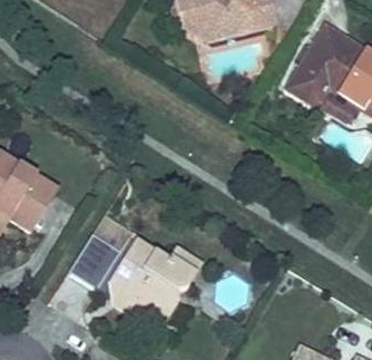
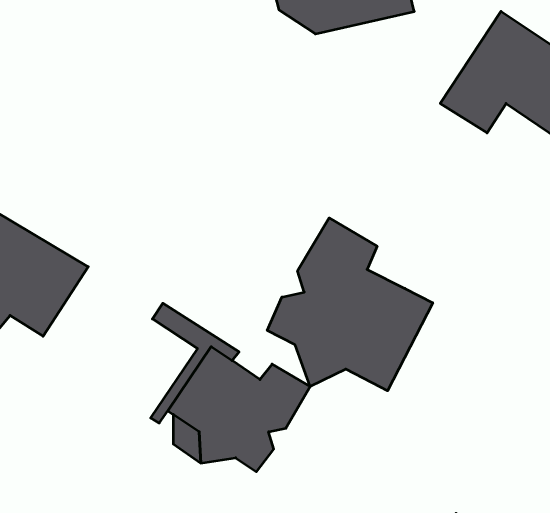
building: none -> [267,218,433,391]
building: [72,223,130,286] -> none

